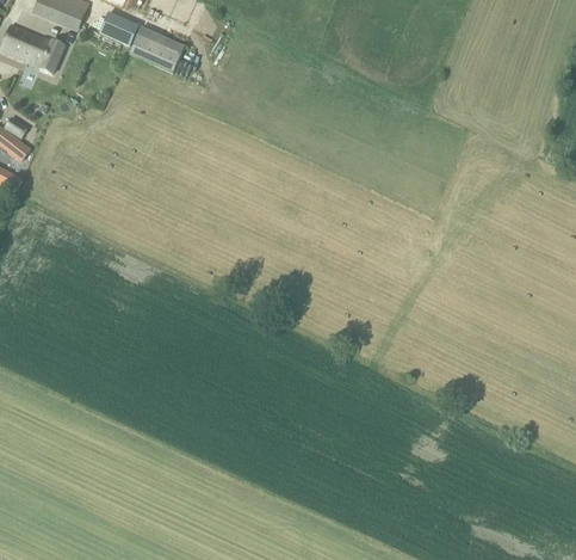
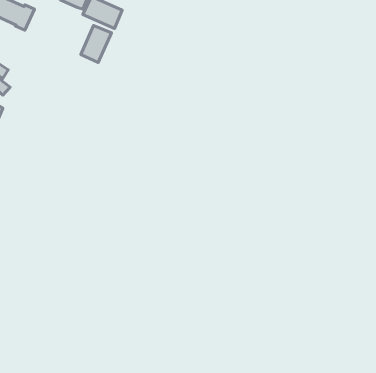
building: none -> [81,25,111,62]

